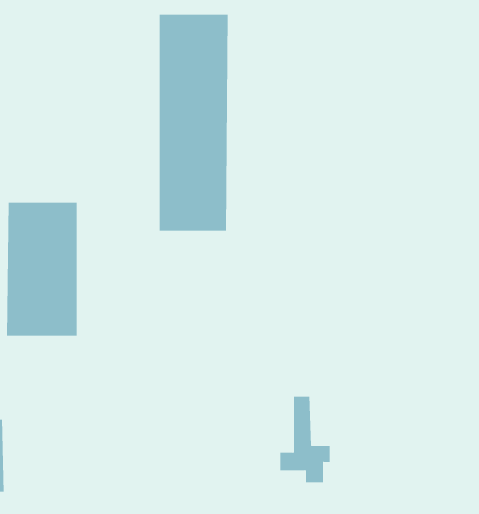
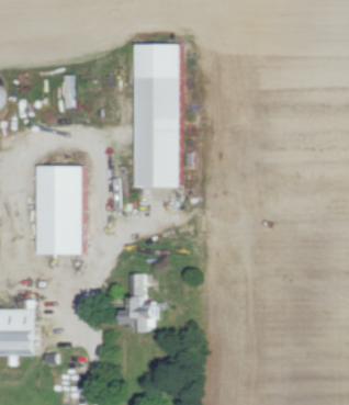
building: [280,396,330,483] -> [121,273,154,329]

